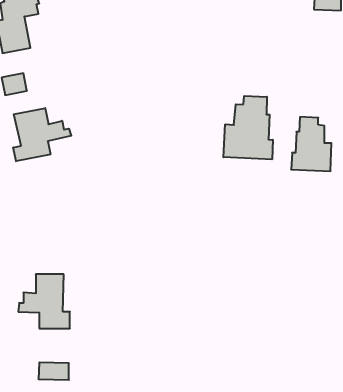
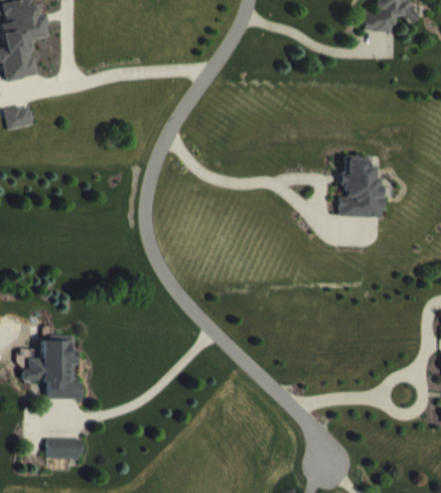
building: [223,96,273,159] -> none
building: [13,108,71,161] -> none

